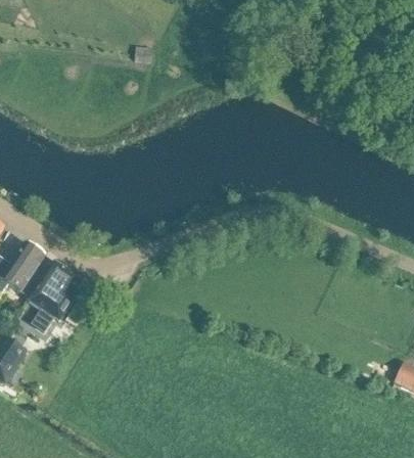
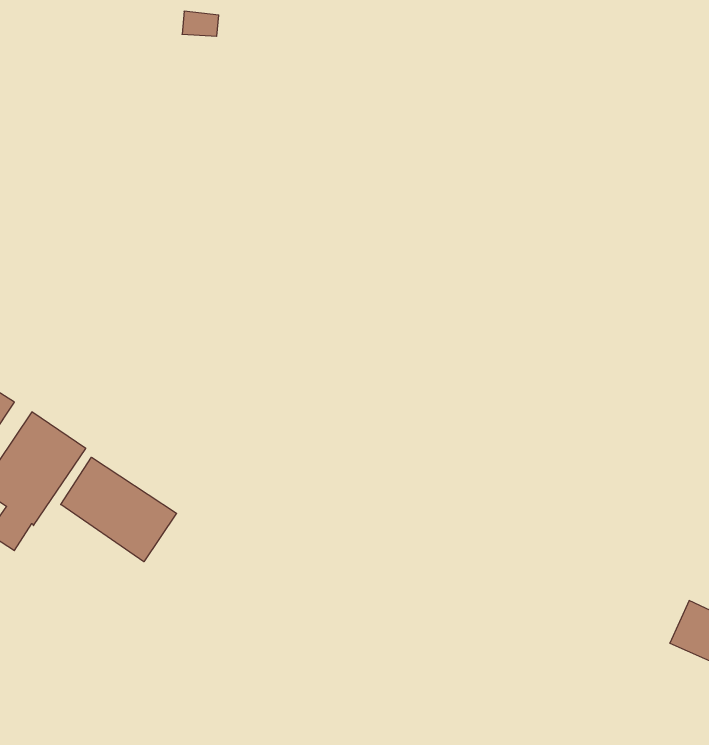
building: none -> [61,457,177,562]

